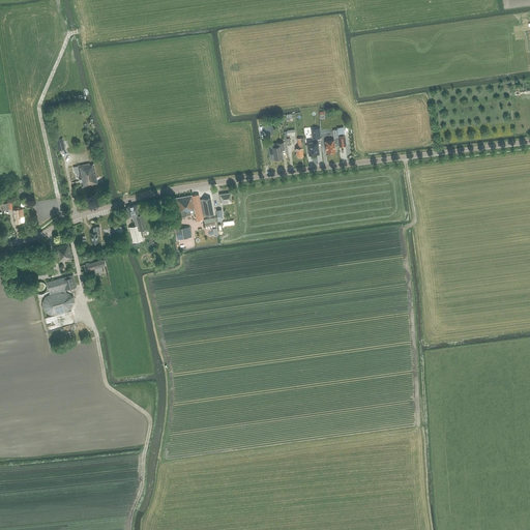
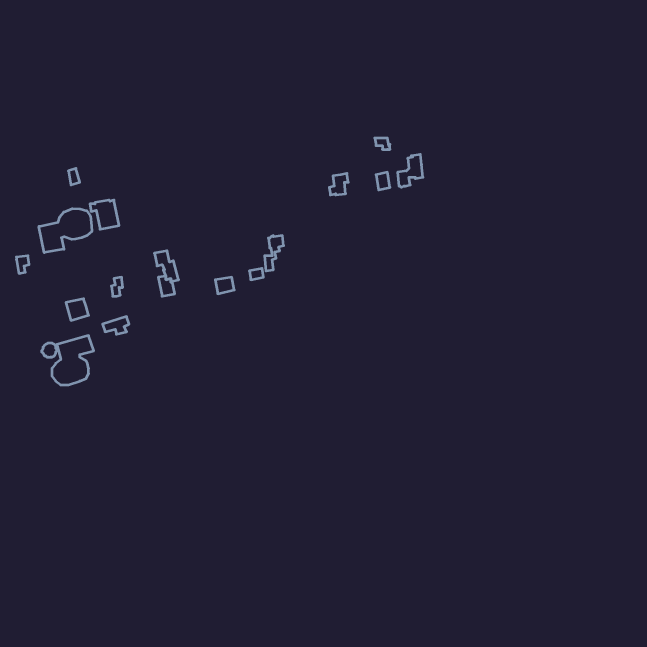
building: none -> [39,209,92,253]
building: [176,195,213,220] -> none

